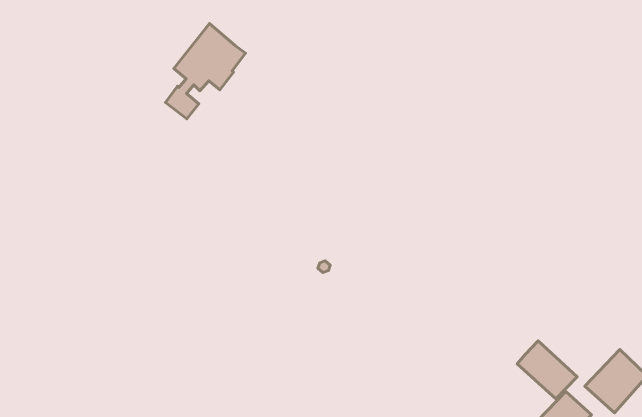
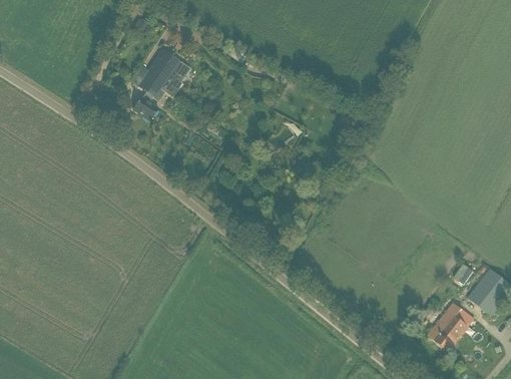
building: [517,341,577,399] -> none

